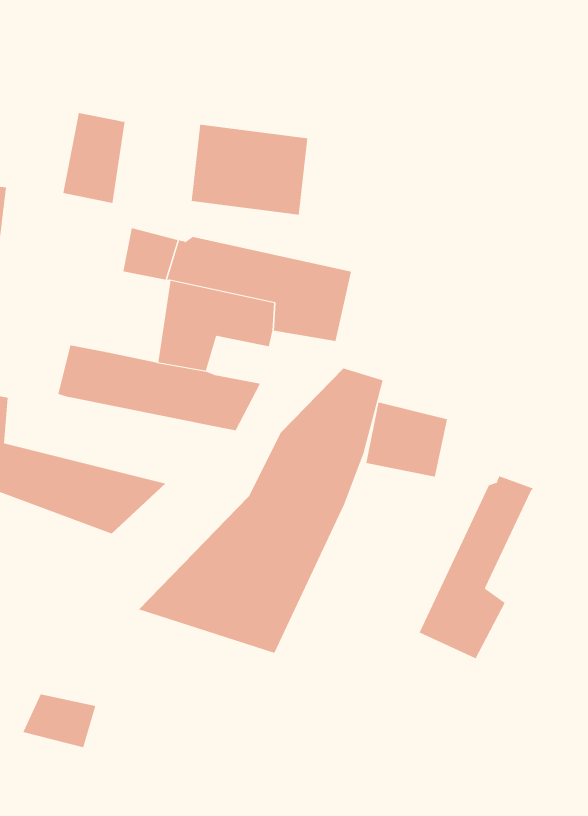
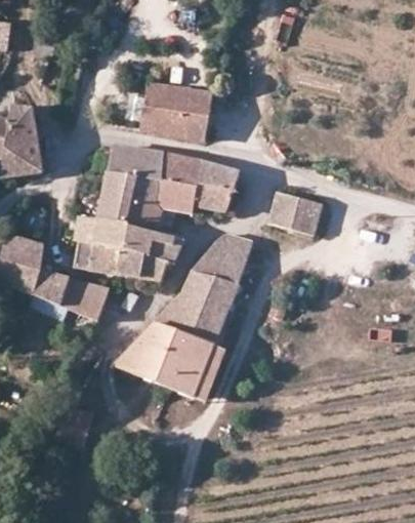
building: [63,112,126,204] -> [94,170,131,224]
building: none -> [68,244,160,282]
building: [365,402,448,477] -> [271,187,319,231]
building: [419,476,534,659] -> none

